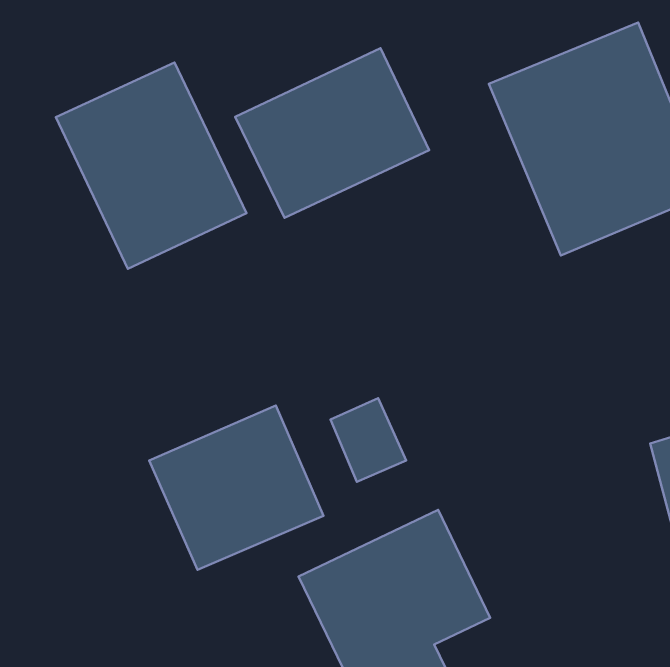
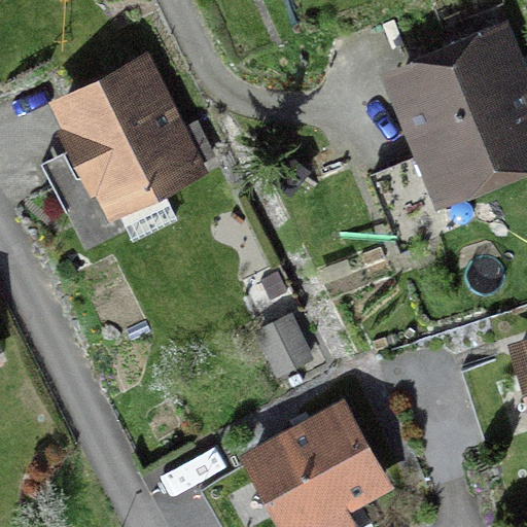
building: [235,48,429,218] -> none
building: [149,406,324,570] -> none

